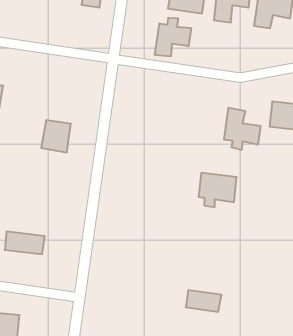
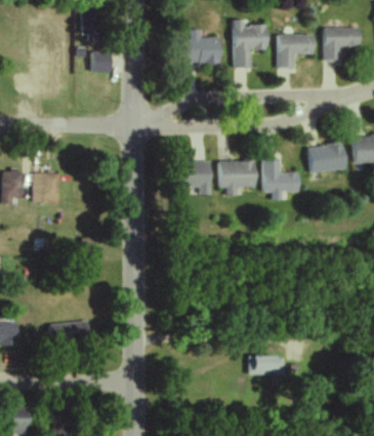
building: [155,18,191,56] -> none
building: none -> [176,161,212,194]
building: [41,120,71,152] -> [33,172,60,203]
building: [199,173,237,207] -> [218,160,257,195]

